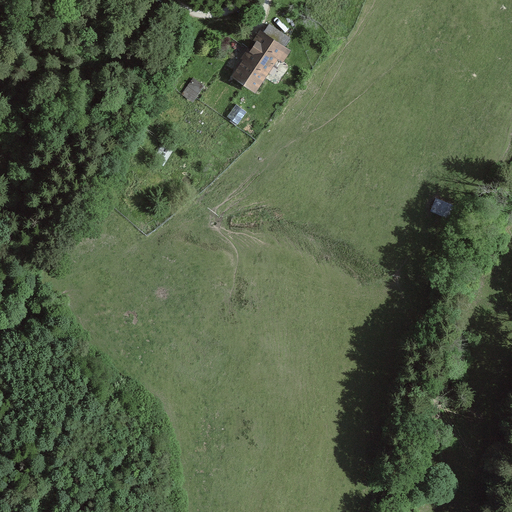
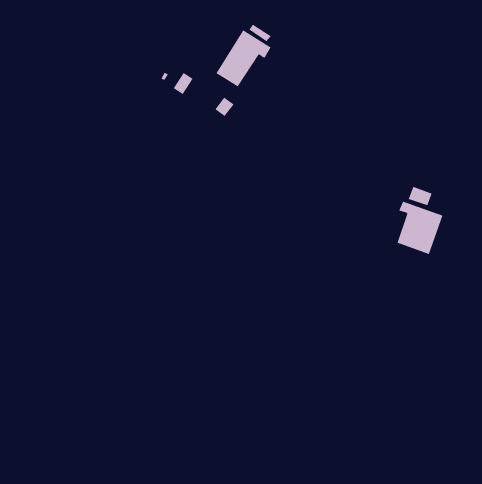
building: none -> [397,201,443,255]

